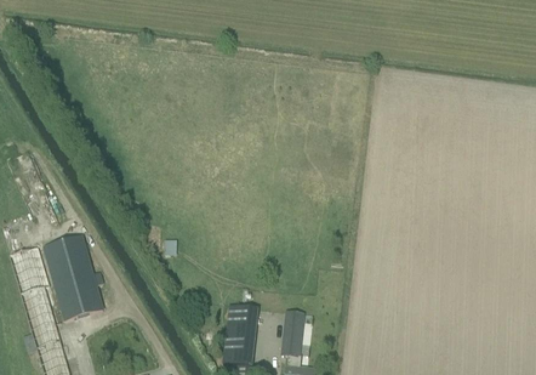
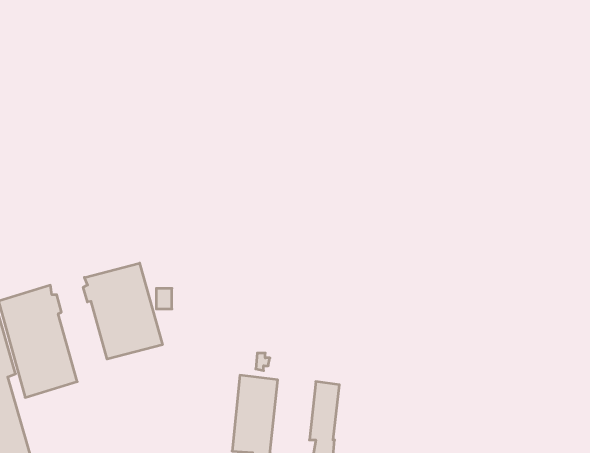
building: none -> [83,263,162,359]

